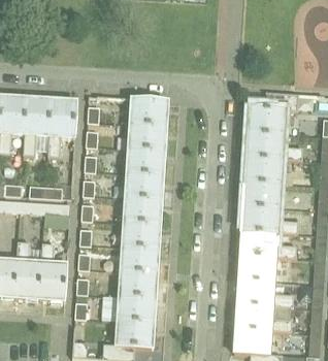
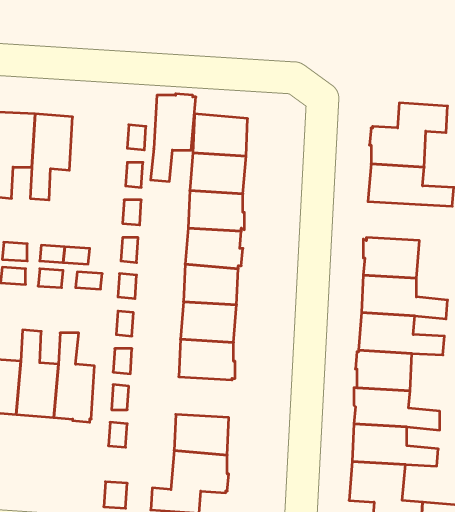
building: [46,98,76,156] -> [151,94,196,181]
building: [244,155,281,180] -> none
building: [119,270,156,297] -> none

